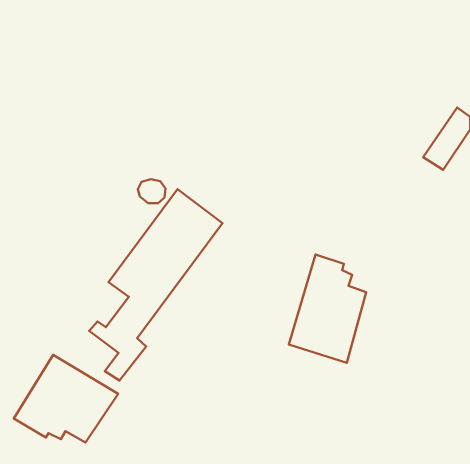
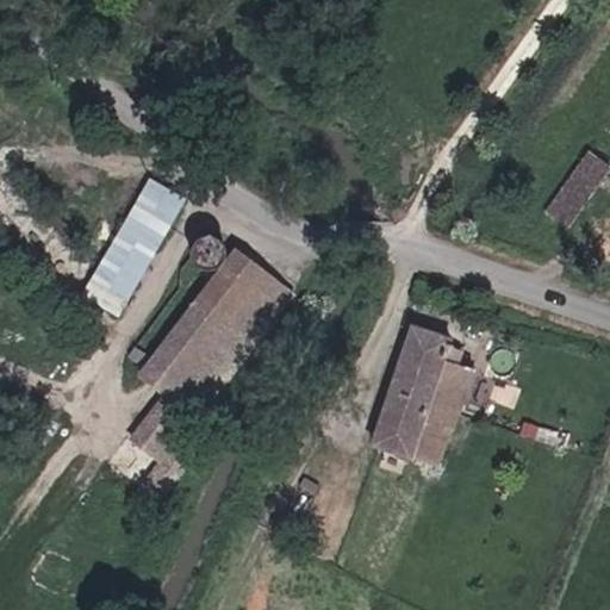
building: none -> [86,167,189,307]
building: [14,355,118,442] -> none

